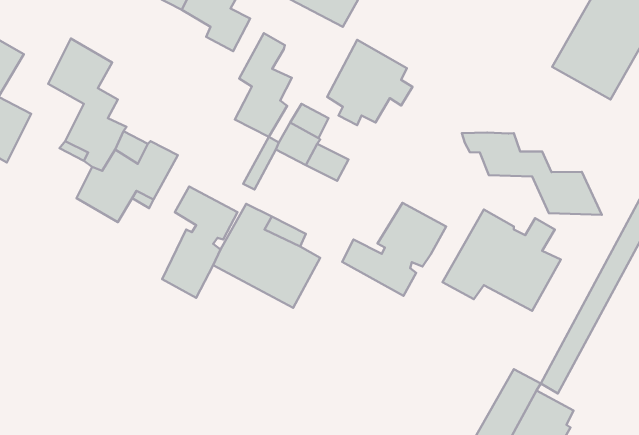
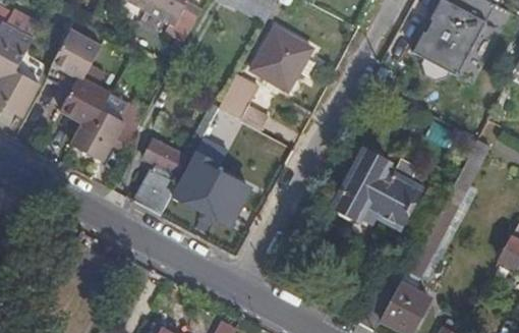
building: [235,33,292,137] -> none
building: [462,132,602,215] -> none
building: [342,203,446,296] -> none

